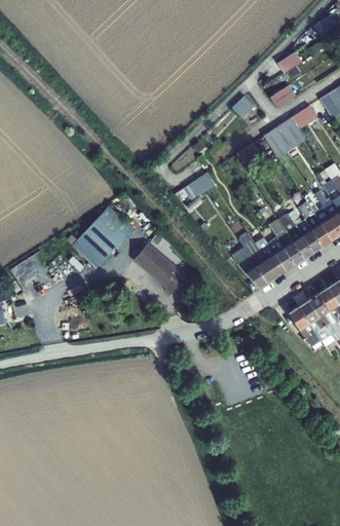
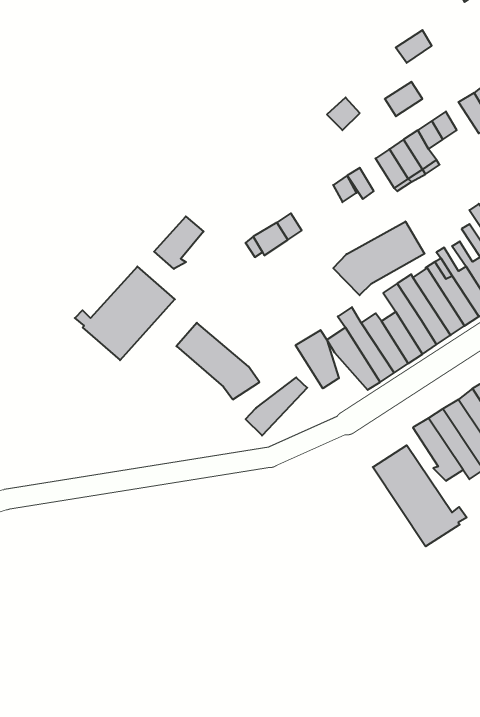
building: none -> [154,216,204,269]
building: none -> [333,221,425,295]
building: none -> [296,330,339,388]
building: none -> [246,377,307,436]
building: none -> [373,445,467,546]

